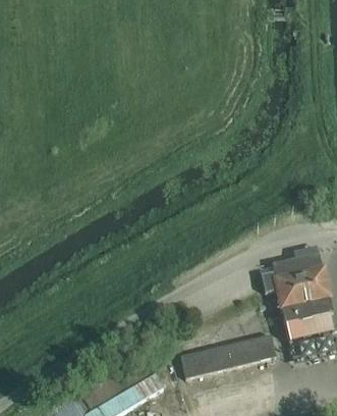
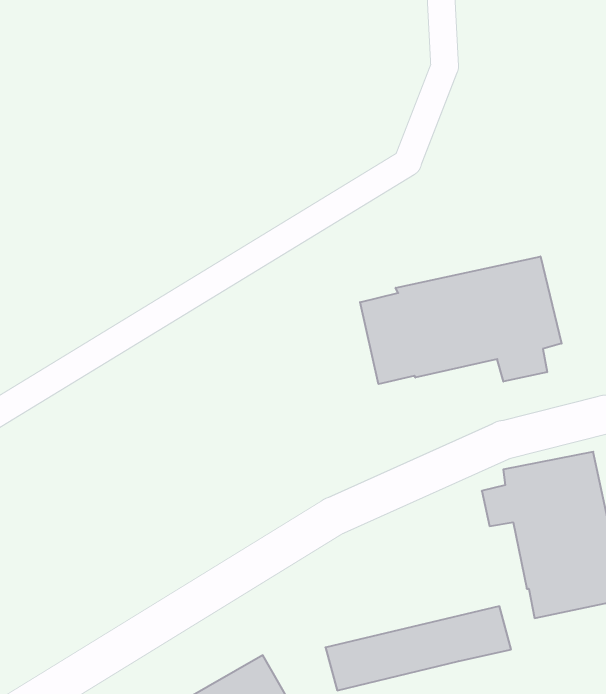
building: none -> [360,256,562,384]

